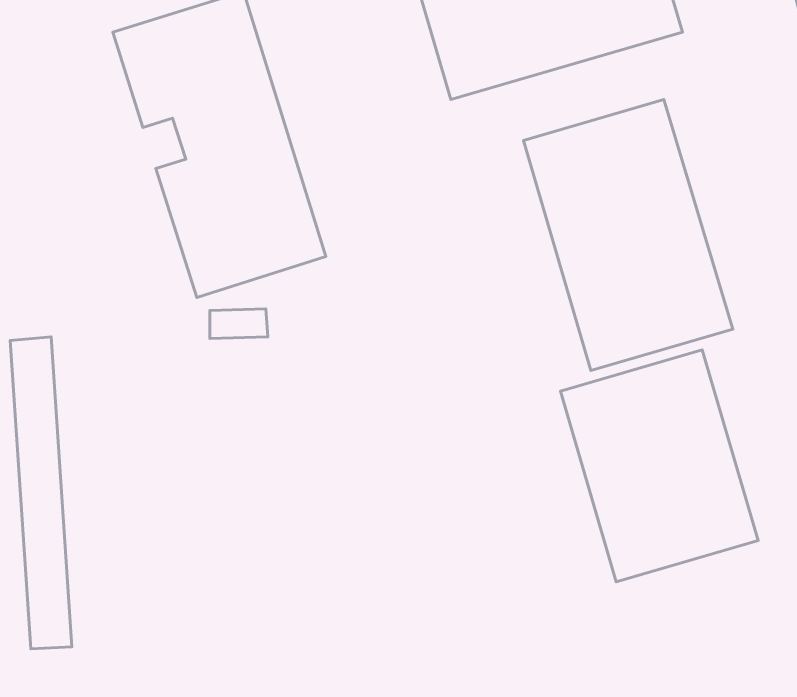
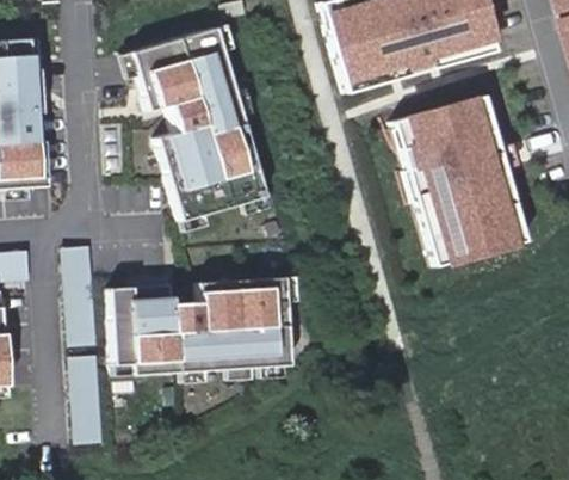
building: [561,350,758,582] -> none
building: none -> [106,275,286,376]

